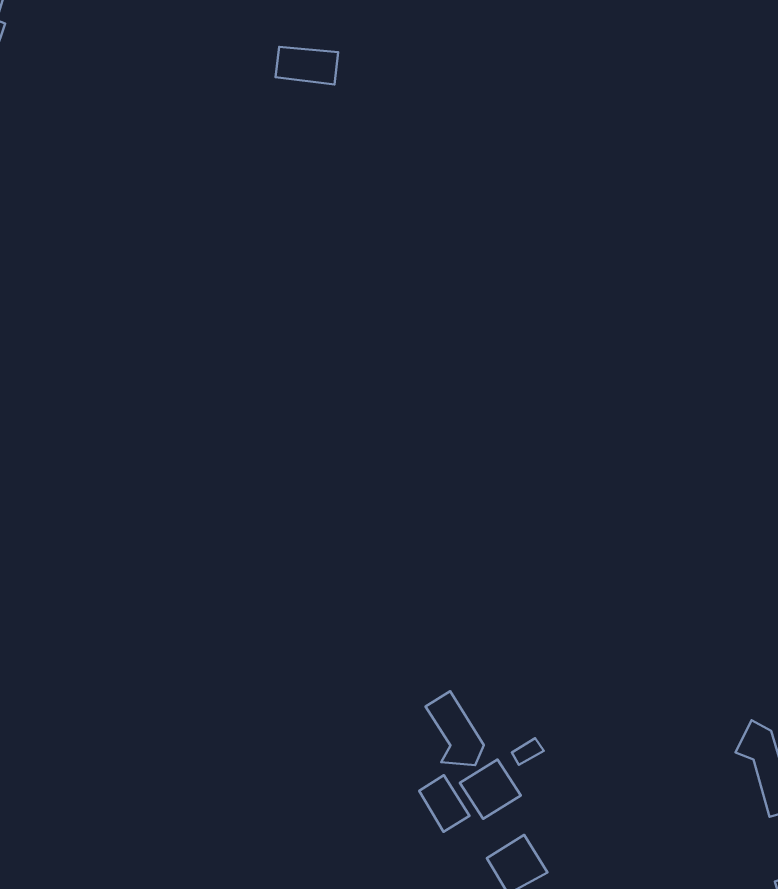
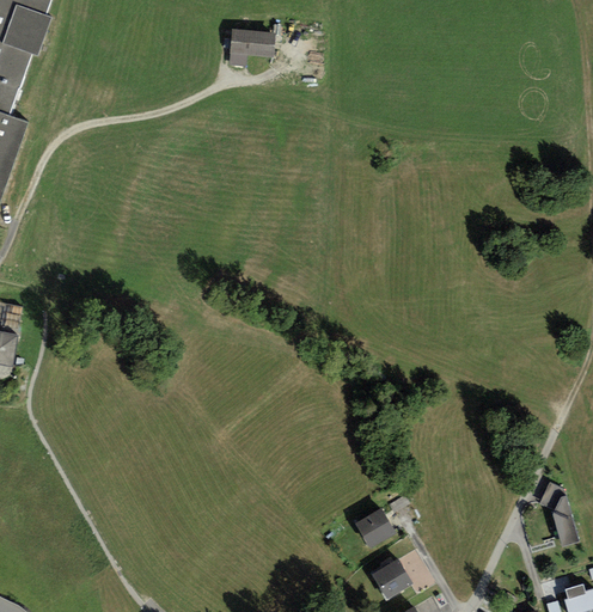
building: [426,691,484,765] -> none
building: [419,775,470,832] -> none

